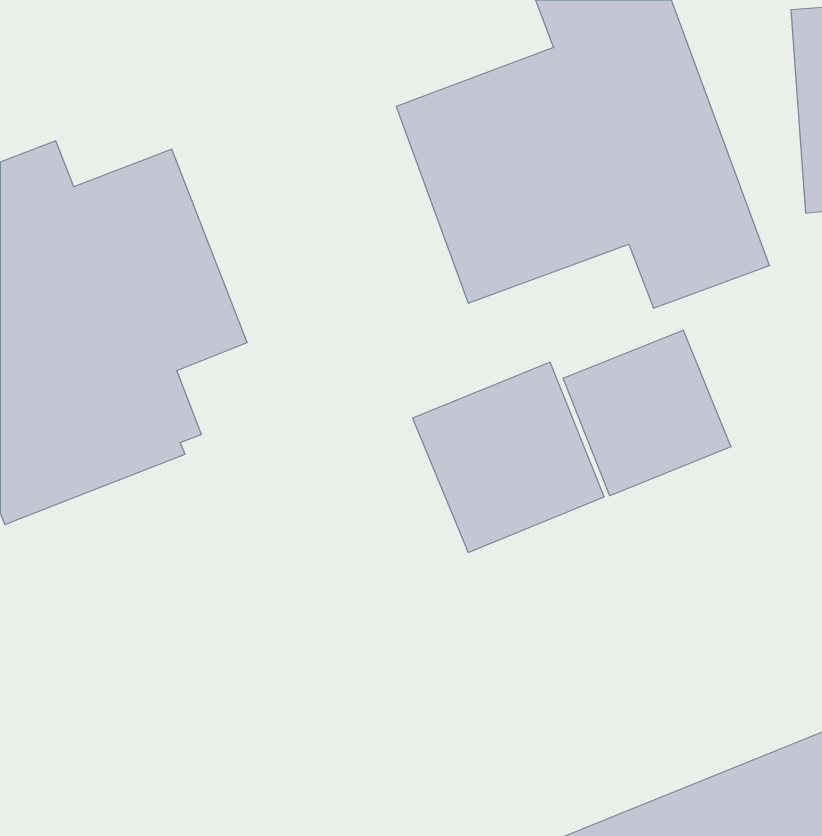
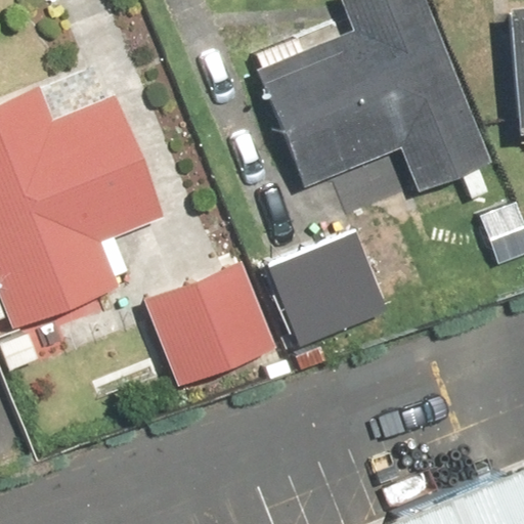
building: [563,330,731,496] -> none
building: none -> [140,260,276,390]

